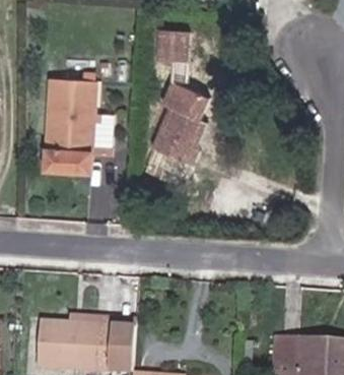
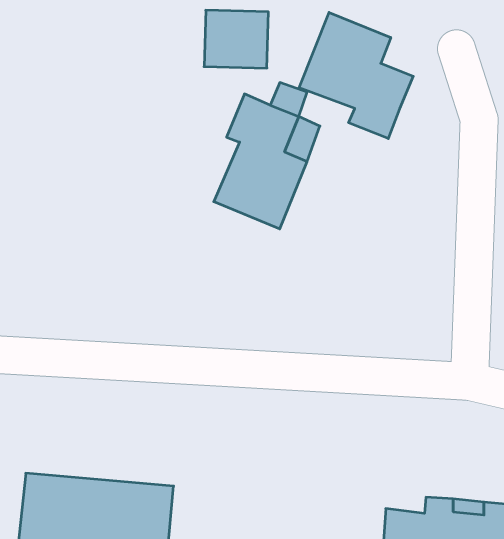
building: none -> [299,12,413,139]
building: [46,79,95,173] -> none

